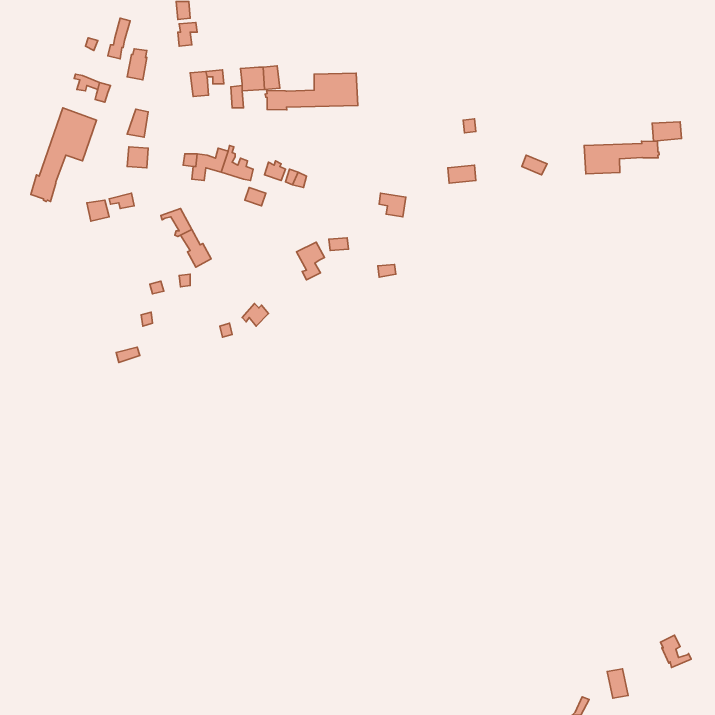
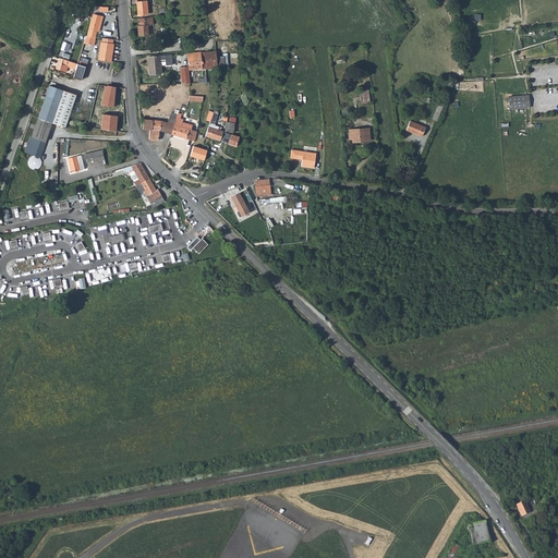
building: [265,73,358,110] -> none
building: [584,141,659,174] -> none

